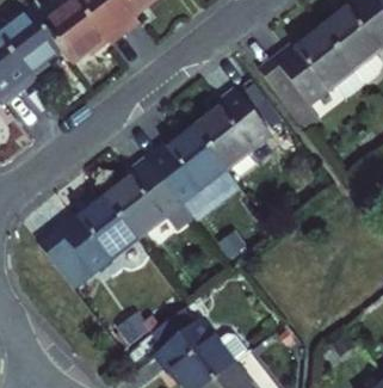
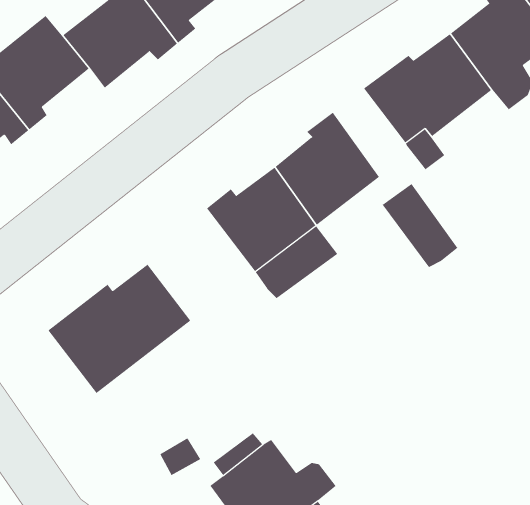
building: none -> [382,183,458,268]
building: [109,152,193,232] -> none

